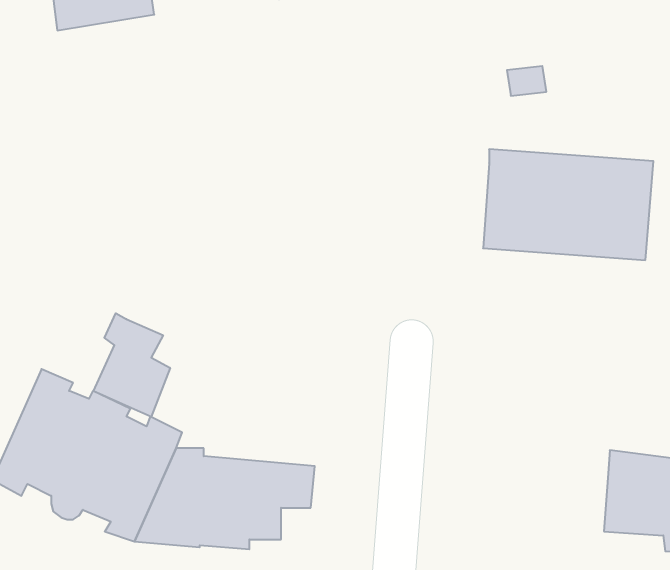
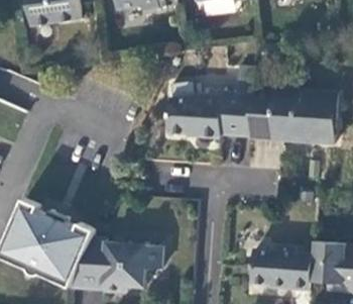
building: none -> [167,90,251,137]
building: [94,313,170,417] -> none
building: none -> [250,249,312,290]

